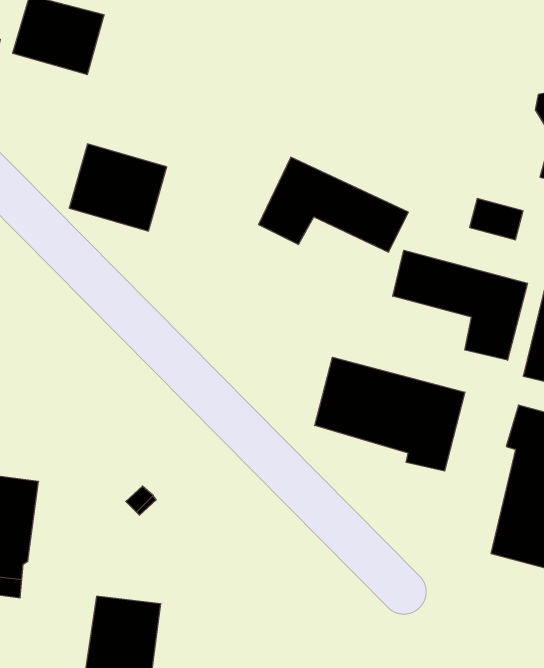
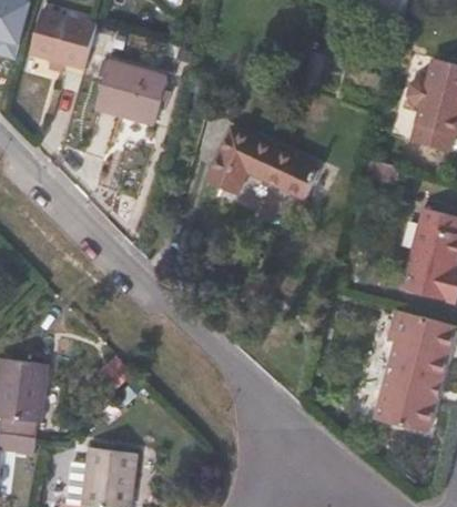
building: [69,144,167,231] -> [95,61,166,124]
building: [393,250,527,360] -> none
building: [315,357,465,471] -> none

